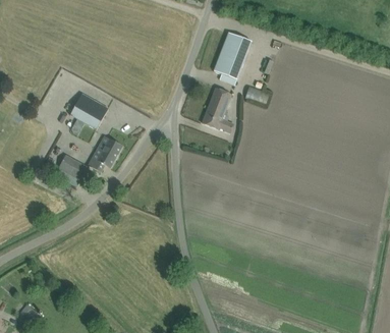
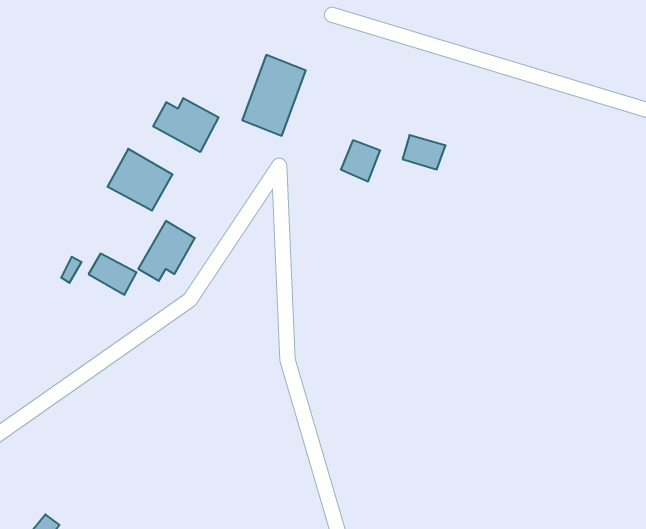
building: [213,31,250,78] -> [242,55,306,136]
building: none -> [153,98,219,152]
building: [202,104,233,131] -> none

